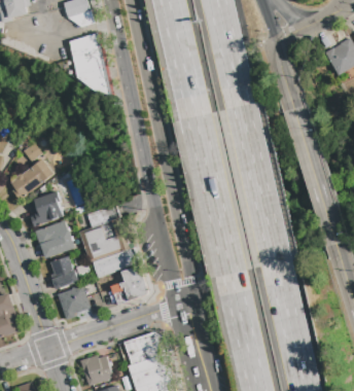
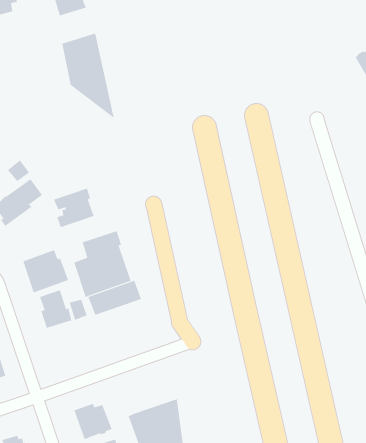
building: [27,191,63,226] -> [53,188,94,228]
building: [110,265,147,304] -> none
building: [57,285,90,319] -> none
building: [122,331,170,363] -> none

